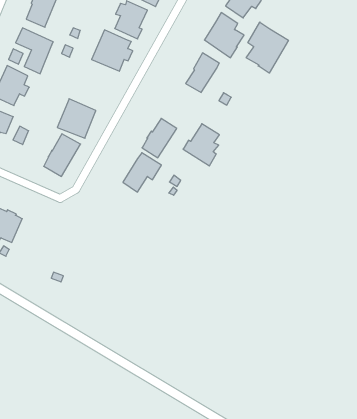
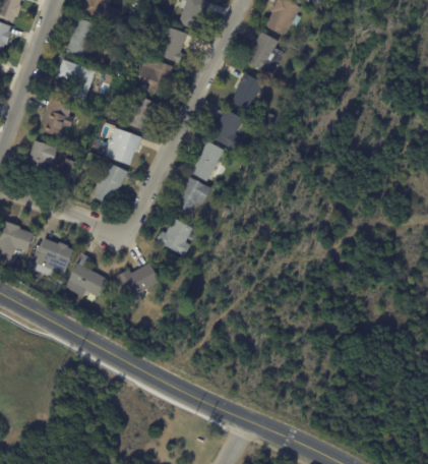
building: [246,22,288,73] -> none
building: none -> [124,96,156,130]
building: [183,124,219,166] -> [208,109,244,151]
building: none -> [156,218,193,256]
building: none -> [64,254,107,297]
building: none -> [116,264,160,305]

